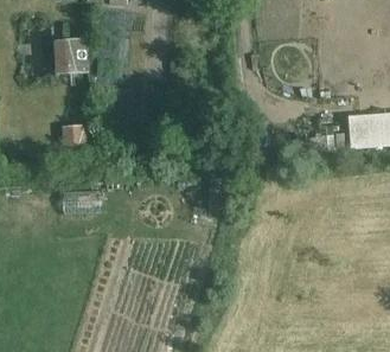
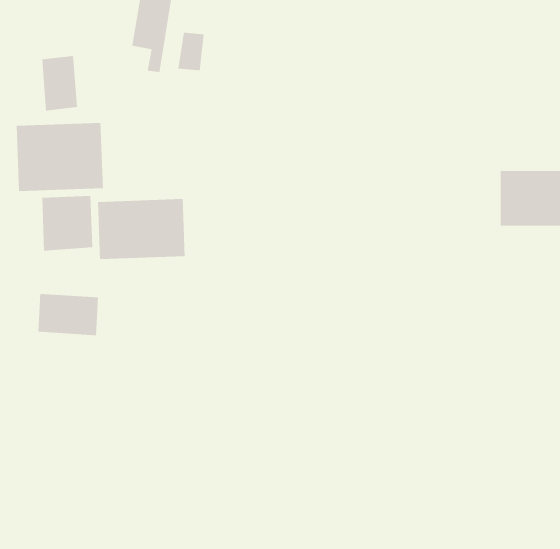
building: none -> [16,122,103,192]
building: none -> [97,198,185,260]

